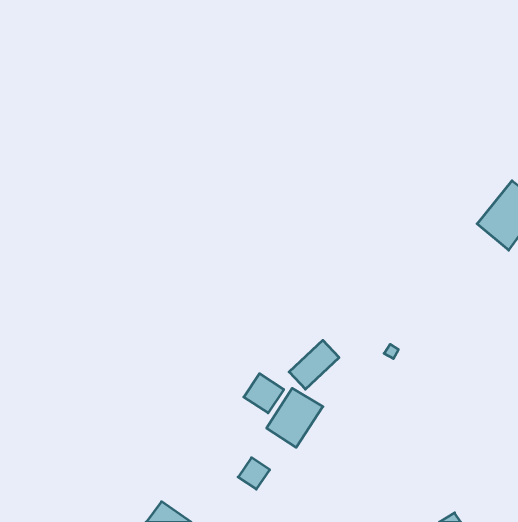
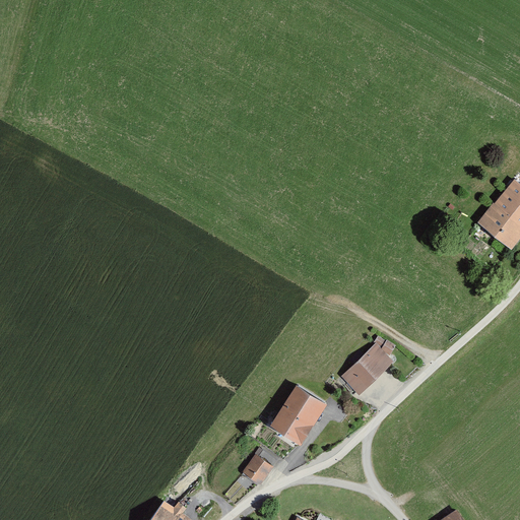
building: [289,340,339,389] -> [342,345,392,394]
building: [244,374,284,413] -> none

